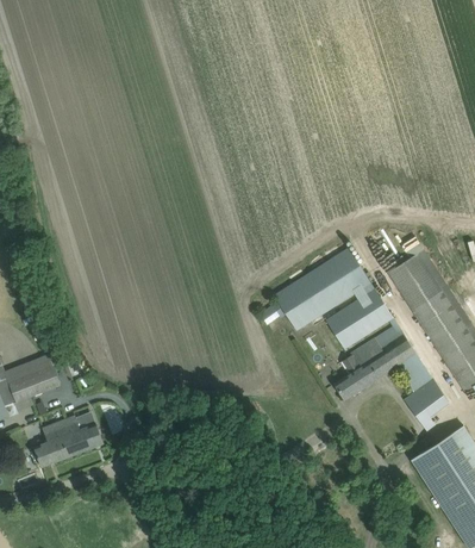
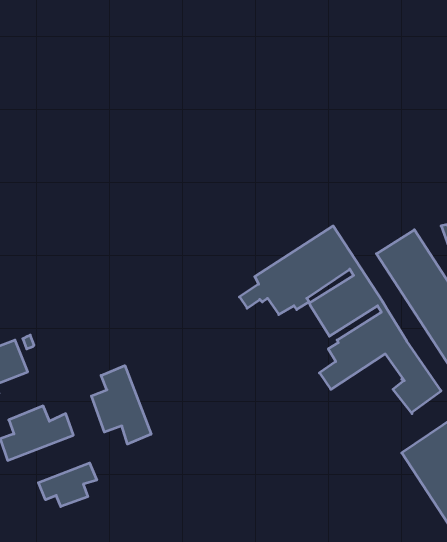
building: none -> [91,366,151,444]
building: none -> [38,463,97,507]

